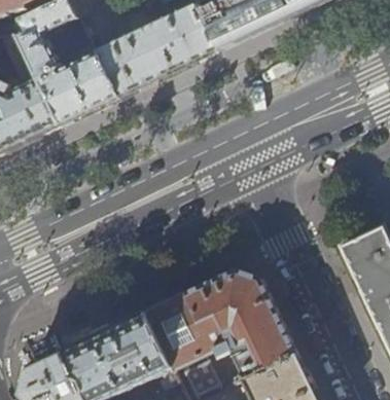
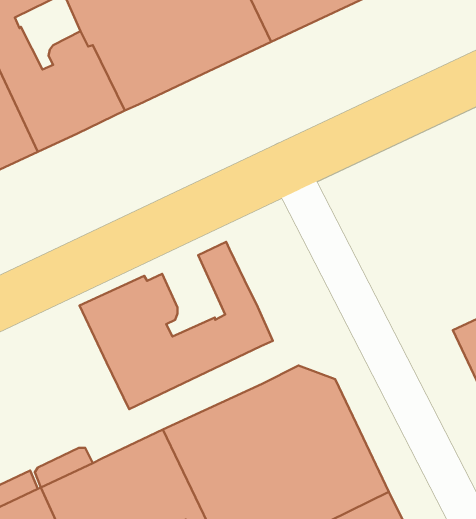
building: none -> [80,242,273,409]

